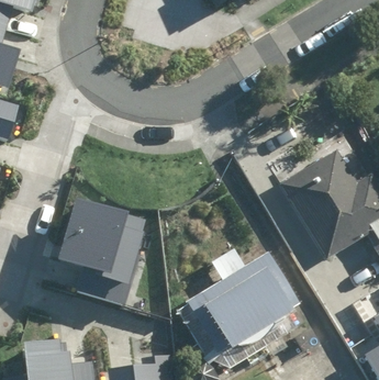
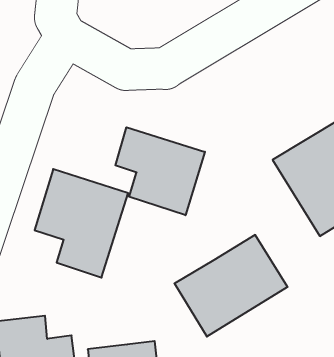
building: none -> [115,127,205,215]

